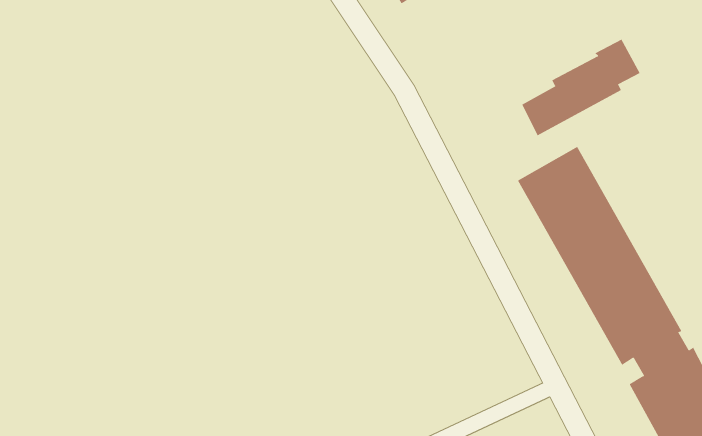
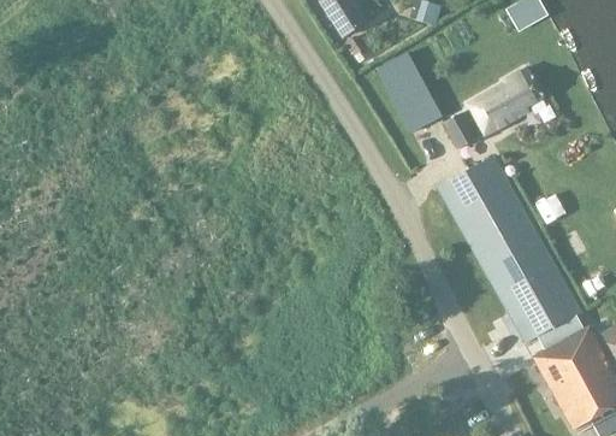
building: none -> [379,53,443,132]

